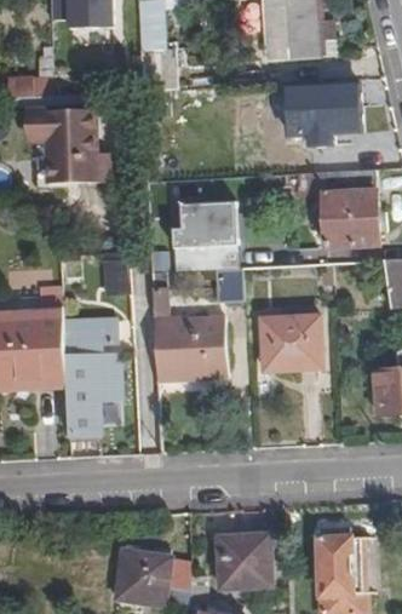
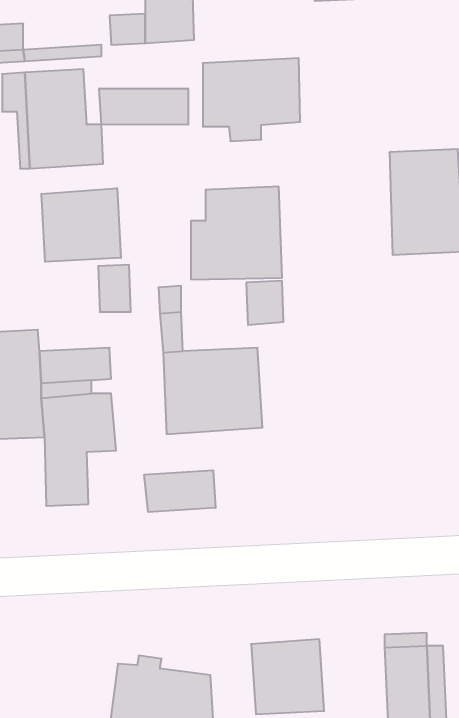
building: [286,85,358,147] -> [203,58,300,141]
building: none -> [99,88,188,125]
building: none -> [42,188,121,262]
building: [262,317,320,372] -> none
building: none -> [144,470,216,512]

